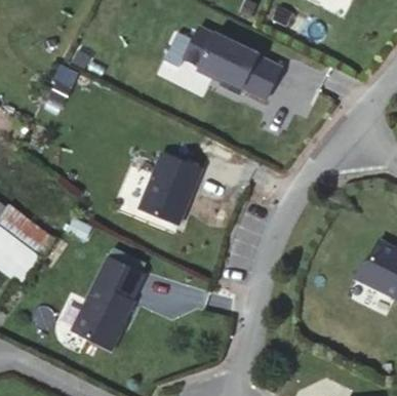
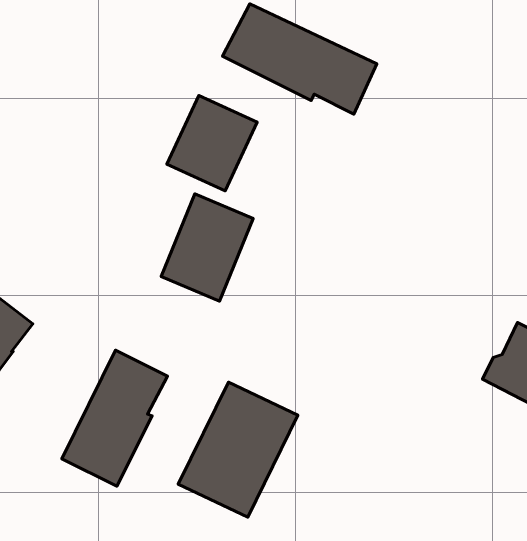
building: none -> [167,96,257,191]
building: none -> [178,382,298,517]

